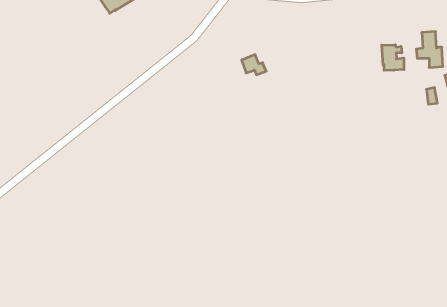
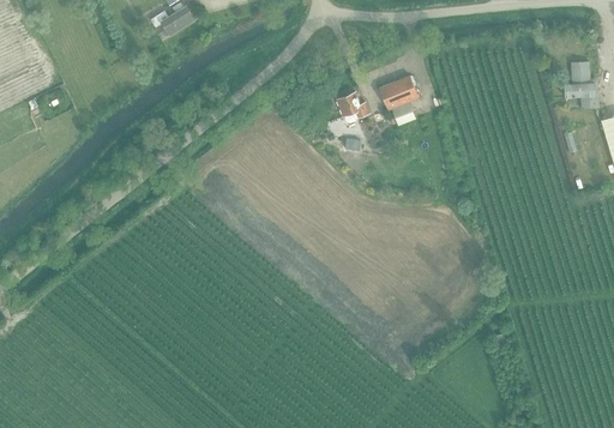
building: none -> [378,76,417,125]
building: [382,45,404,70] -> none

